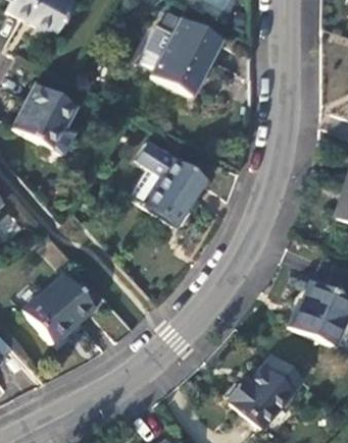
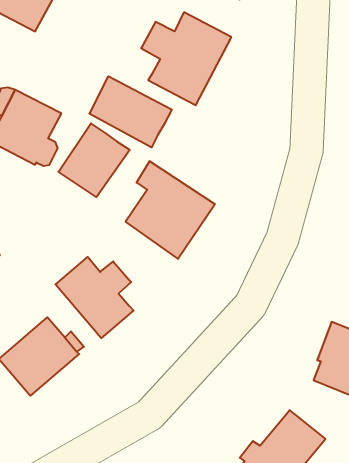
building: none -> [89,76,172,147]
building: none -> [58,123,130,197]
building: none -> [55,257,134,338]

